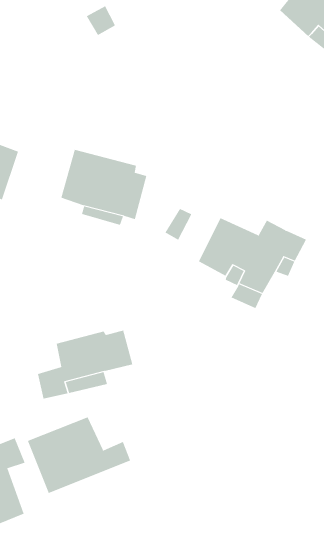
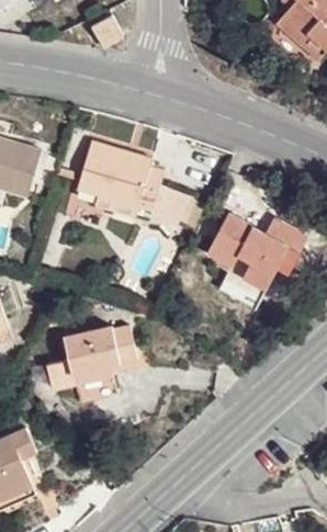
building: [27,416,131,494] -> none

